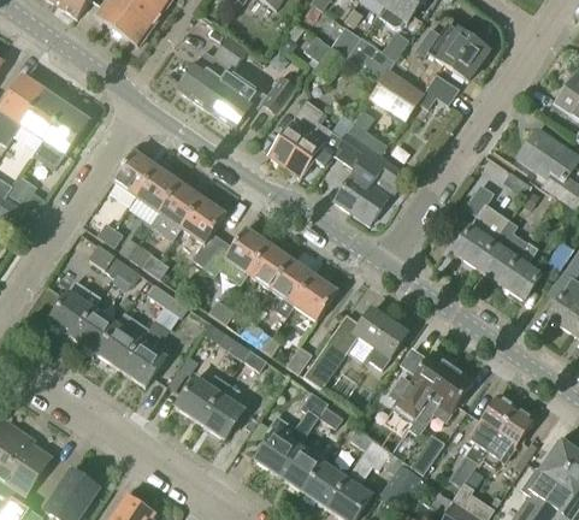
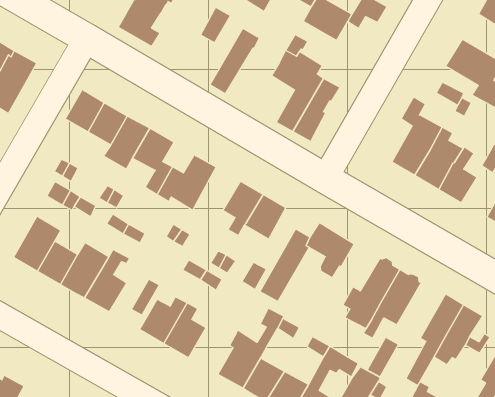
building: [211,69,261,129] -> none
building: [284,120,343,177] -> none
building: [249,242,293,288] -> none

